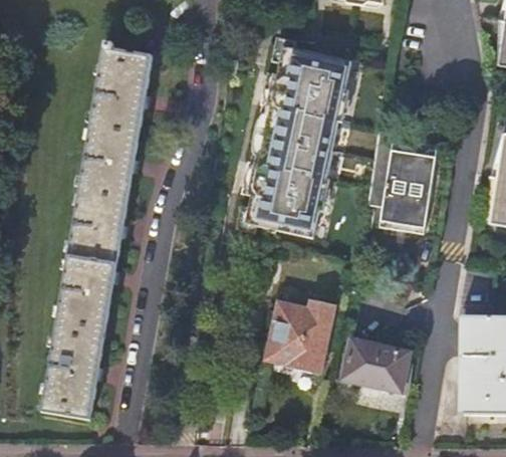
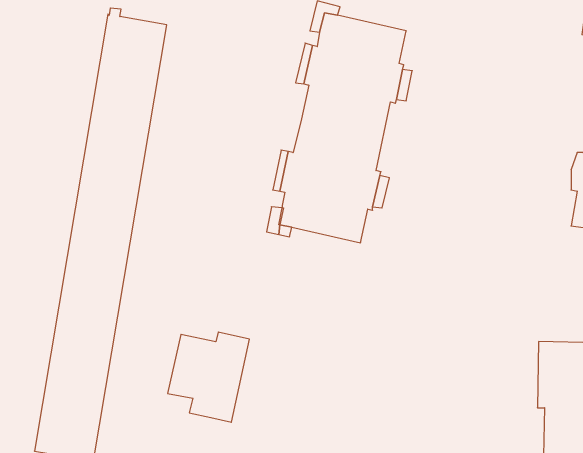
building: [367,127,437,233] -> none
building: [268,298,336,374] -> [168,332,249,422]
building: [343,338,411,392] -> none

